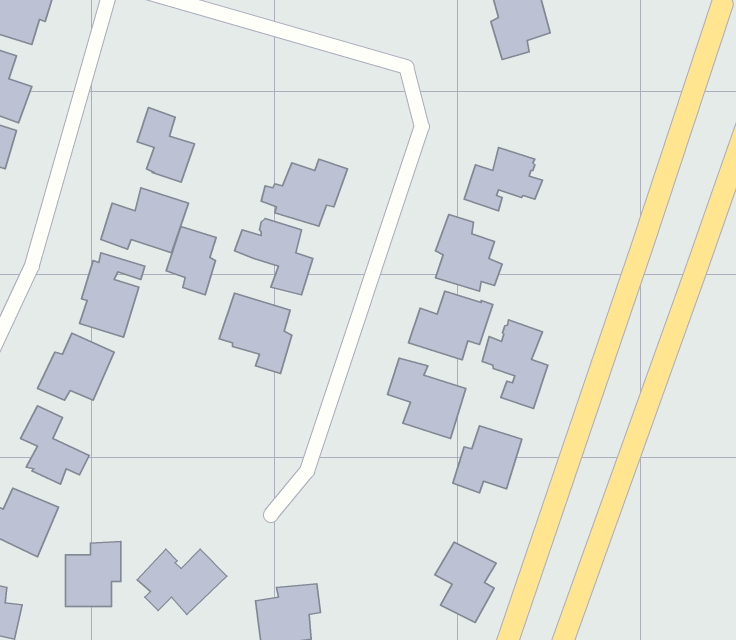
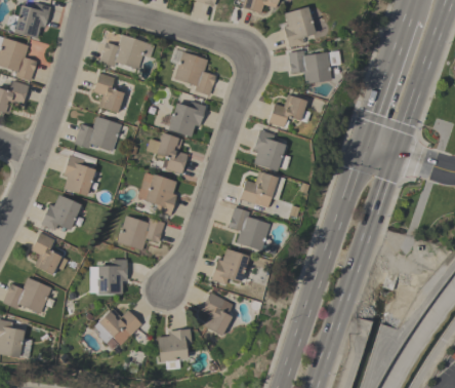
building: none -> [100,35,154,69]
building: none -> [171,49,217,95]
building: none -> [289,50,339,83]
building: [166,226,216,295] -> none
building: [482,320,548,408] -> none
building: none -> [118,216,165,250]
building: [453,426,522,493] -> [212,248,249,284]
building: [66,541,121,606] -> [98,259,128,294]
building: [435,542,496,623] -> [201,293,234,336]

